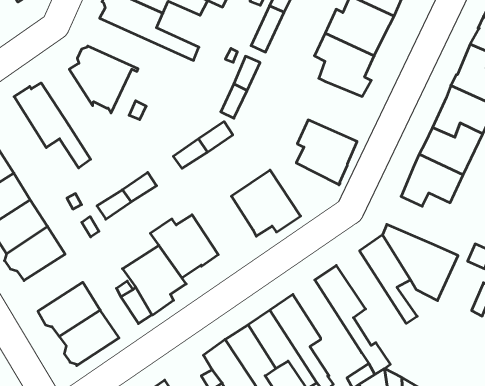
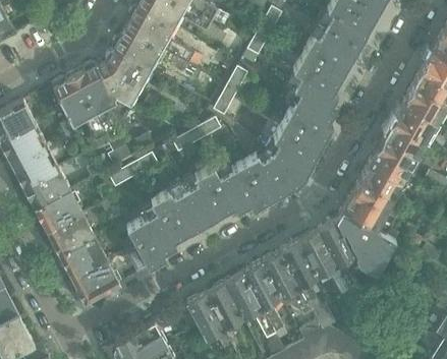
building: none -> [113,27,199,80]
building: none -> [74,63,131,162]
building: none -> [285,93,335,142]
building: none -> [252,155,304,198]
building: none -> [186,168,234,224]
building: none -> [341,188,393,229]
building: none -> [298,230,350,295]
building: none -> [48,214,95,257]
building: none -> [262,250,313,316]

